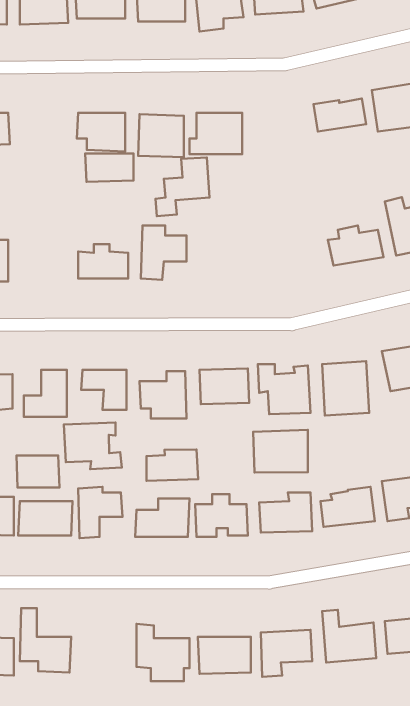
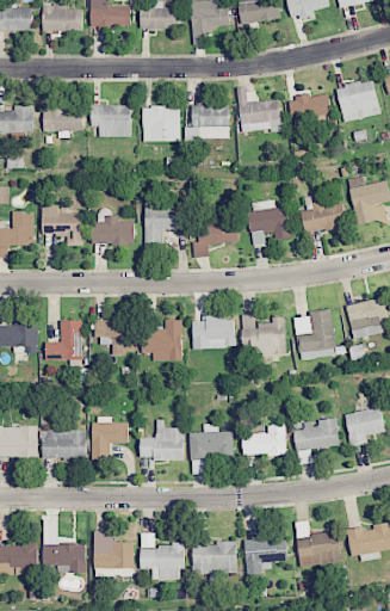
building: none -> [237,88,281,132]
building: [85,153,134,182] -> [43,107,83,131]
building: [155,157,210,216] -> [192,208,237,257]
building: none -> [248,199,291,245]
building: none -> [42,205,83,246]
building: [64,423,122,469] -> none
building: [253,430,308,472] -> none
building: [146,449,198,481] -> none
building: [16,456,59,488] -> none
building: none -> [94,531,134,570]

